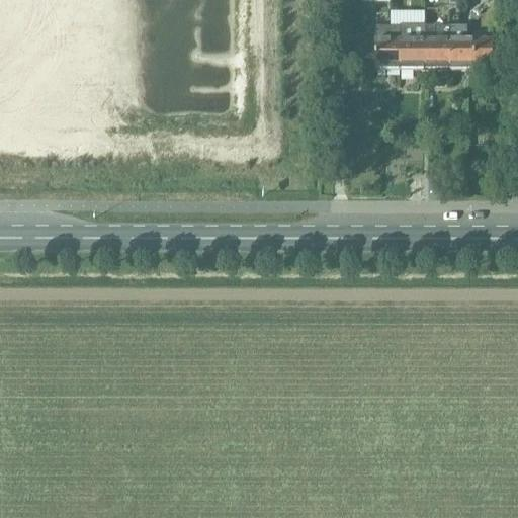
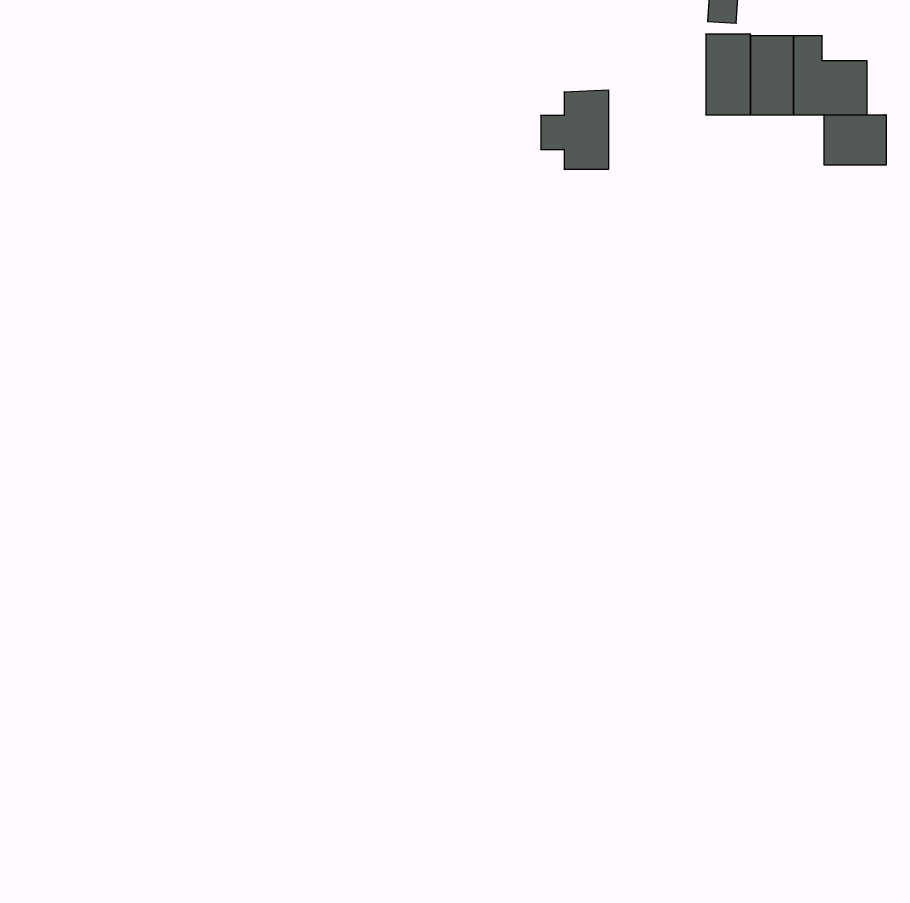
building: [363,20,402,65] -> [541,90,609,169]
building: none -> [824,115,886,165]

